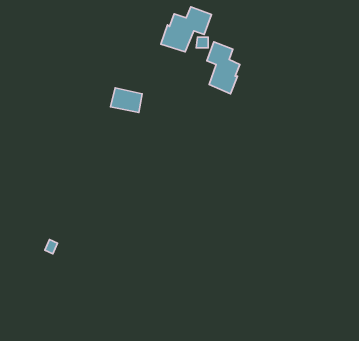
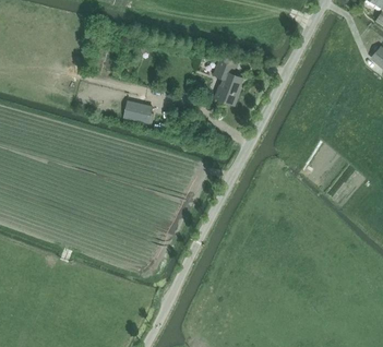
building: [161,7,212,52] -> none

